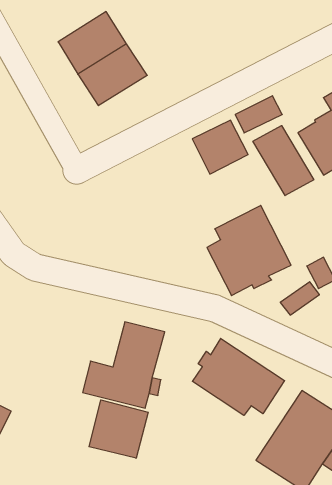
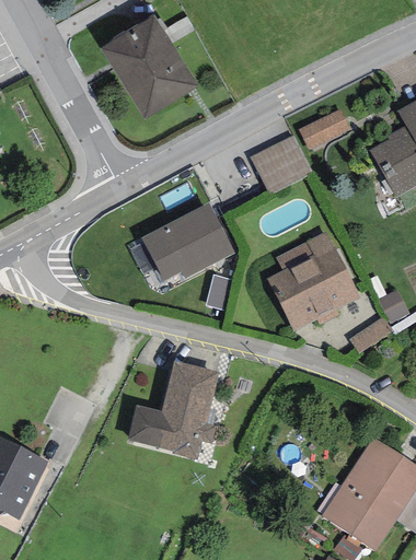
building: [253,126,314,196] -> none
building: none -> [141,202,234,281]
building: [192,338,285,415] -> none
building: [89,400,148,458] -> none

